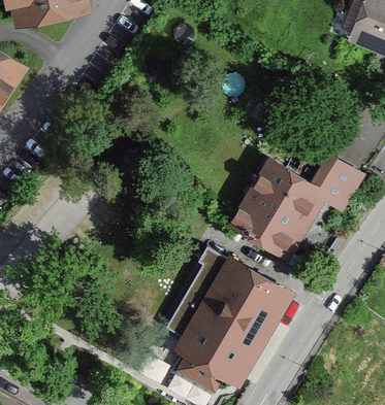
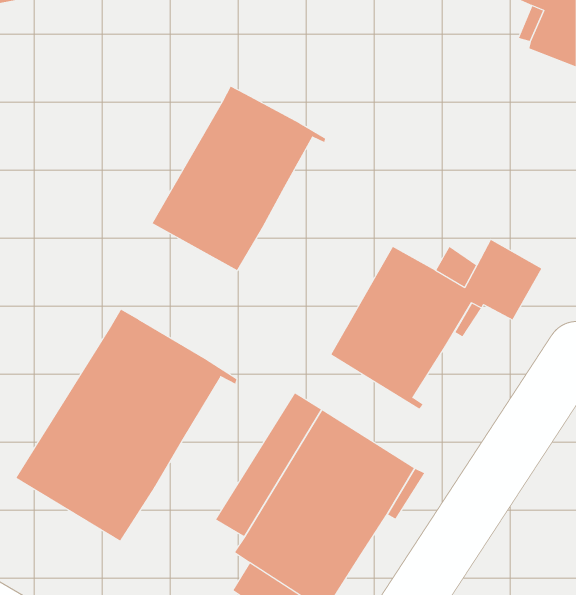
building: none -> [152,86,326,271]
building: none -> [15,309,237,542]

